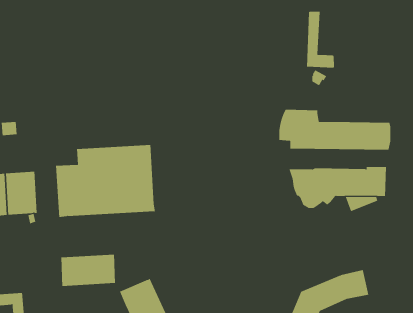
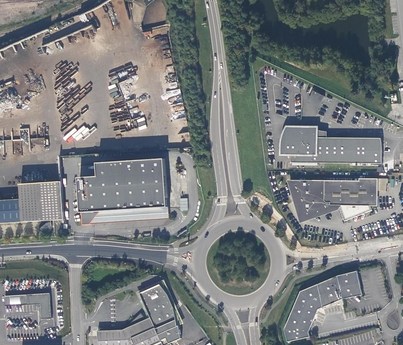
building: [306,10,335,68] -> none
building: [61,254,116,287] -> none

